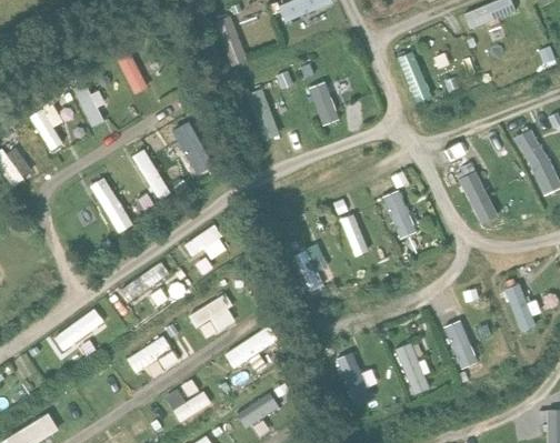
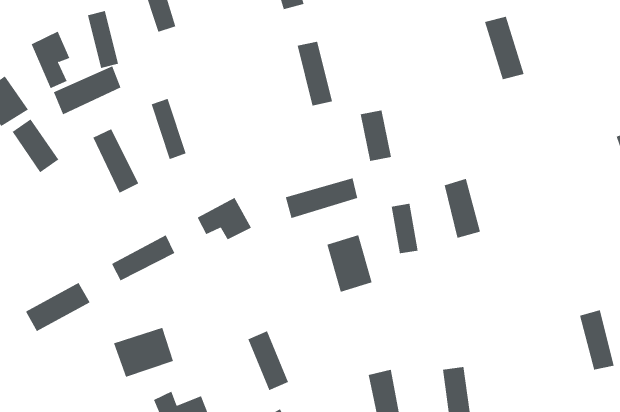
building: [311,82,341,125] -> [360,110,392,162]
building: [177,124,217,178] -> none
building: none -> [53,66,121,115]
building: [457,169,496,222] -> none
building: none -> [12,119,59,173]
building: none -> [285,177,358,219]
building: [187,295,236,330] -> none
building: [442,318,473,366] -> none

